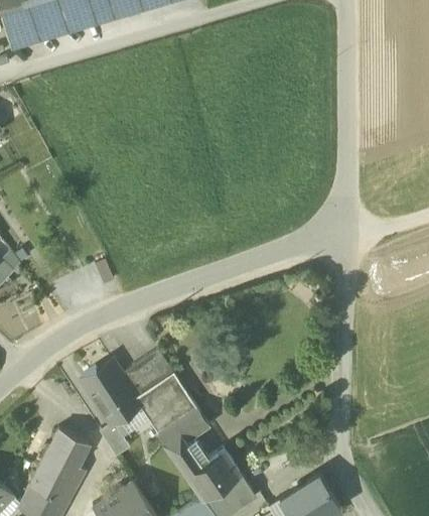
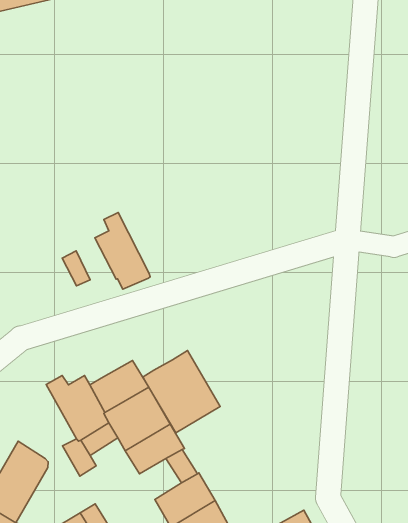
building: none -> [95,212,150,289]
building: none -> [143,351,220,433]
building: [169,437,207,475] -> none

